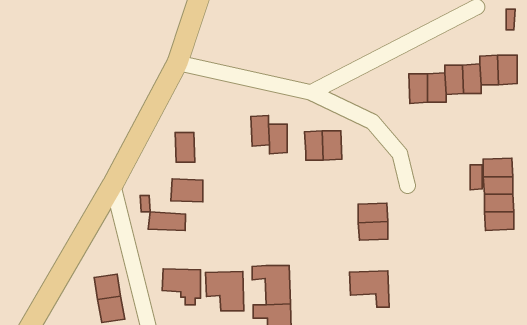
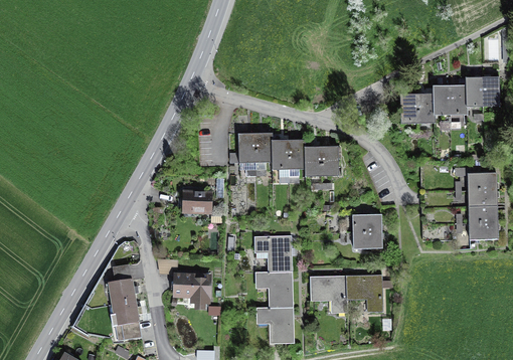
building: none -> [289,142,306,168]
building: [175,132,195,162] -> [238,135,256,162]
building: [148,212,186,230] -> none
building: [206,271,244,311] -> [255,235,291,272]
building: none -> [311,278,347,312]

